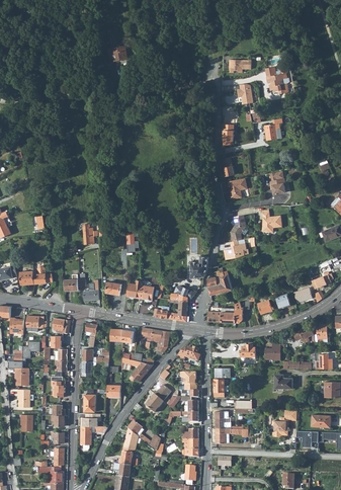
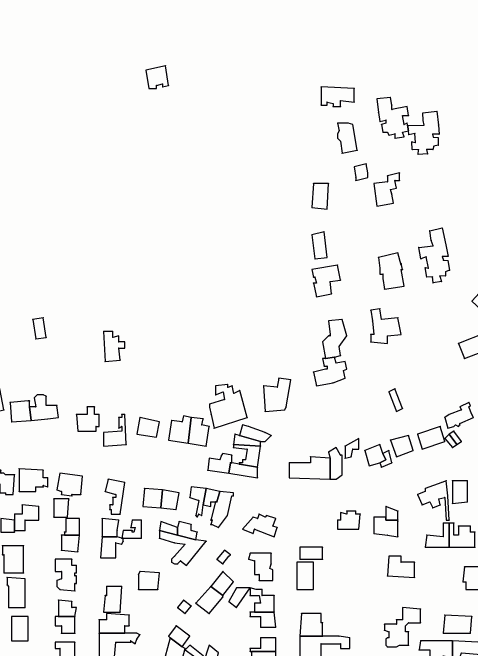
building: none -> [408,111,439,154]
building: none -> [419,228,450,283]
building: [206,266,232,296] -> [210,384,247,428]

